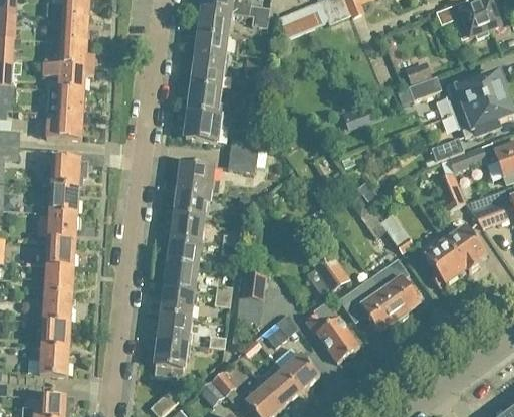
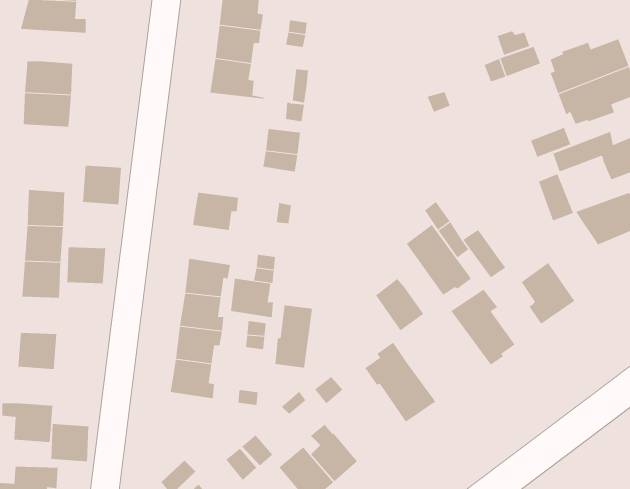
building: [43,63,94,89] -> none
building: [185,112,230,142] -> none
building: [50,157,80,187] -> [82,165,122,205]
building: [179,161,219,192] -> none
building: [172,212,205,242] -> [230,278,274,318]
building: [445,225,486,271] -> none
building: [44,266,74,294] -> [66,247,106,284]
building: [350,277,401,332] -> [406,224,472,296]
building: [41,320,70,349] -> [51,424,89,462]
building: [154,339,191,378] -> none
building: [282,354,318,391] -> none

